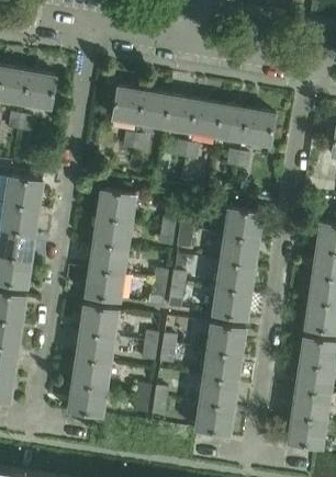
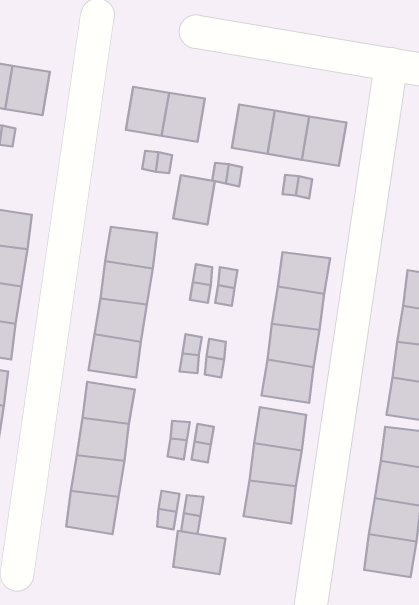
building: [165,96,195,133] -> [173,175,215,224]
building: [195,404,234,435] -> [173,531,225,574]

